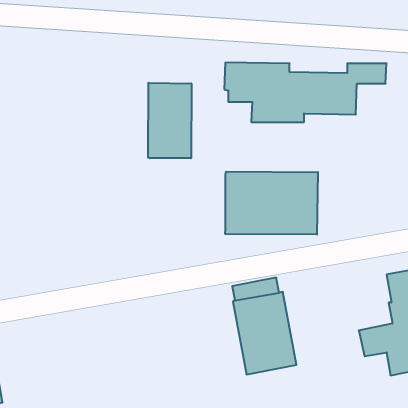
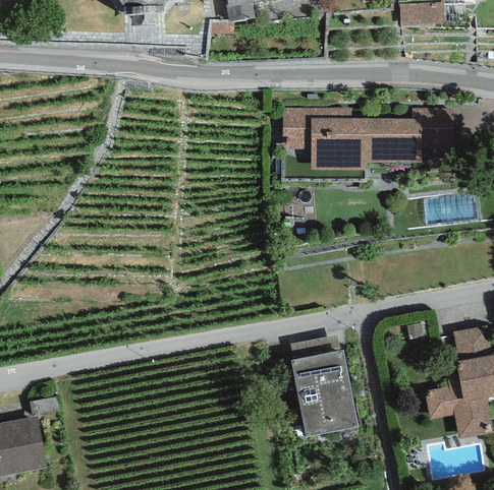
building: [148,83,191,158] -> none
building: [225,172,318,235] -> none

